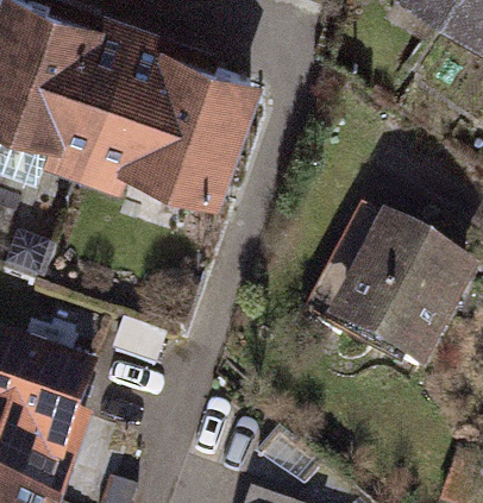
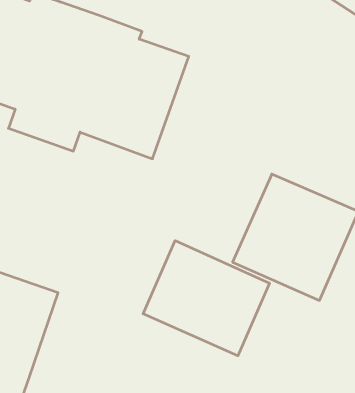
building: none -> [143,241,269,356]

